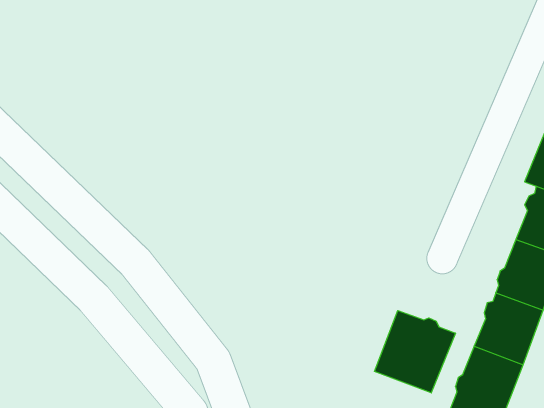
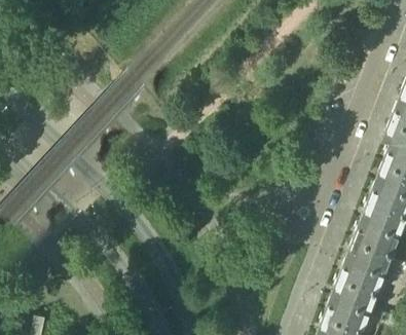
building: [374,311,455,393] -> none

